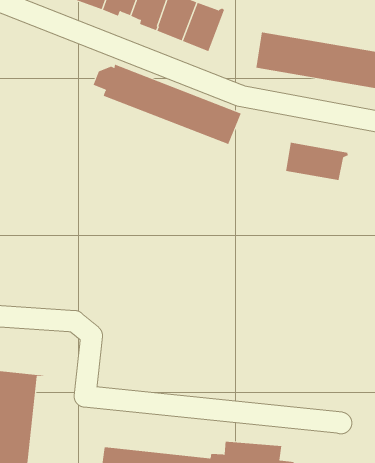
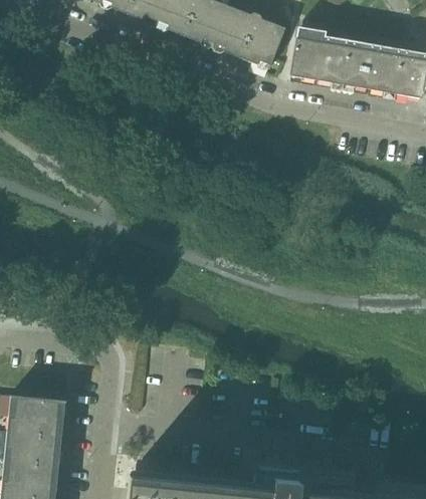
building: none -> [240,14,285,69]
building: [93,64,242,145] -> none
building: [285,142,348,181] -> none

